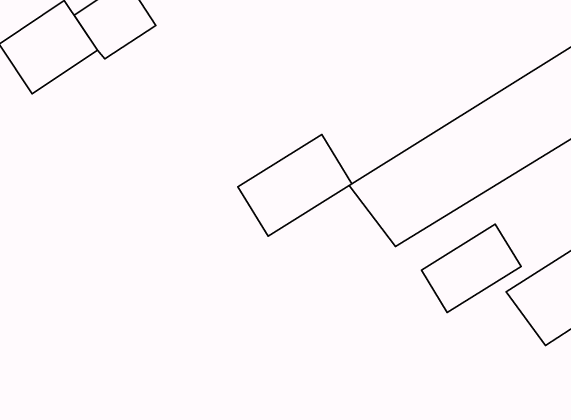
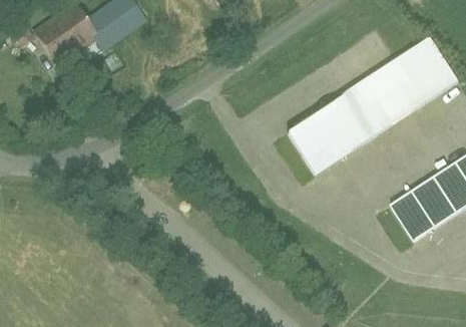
building: [238,134,352,236] -> none
building: [421,224,521,313] -> none

